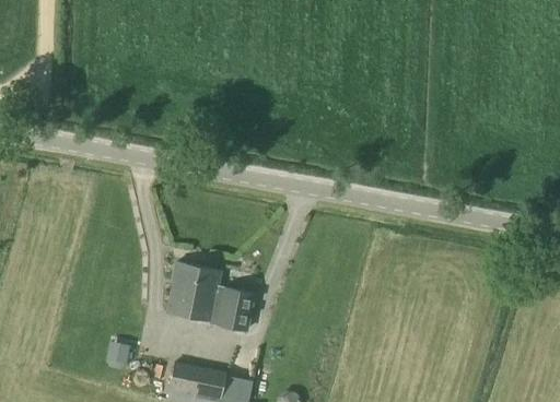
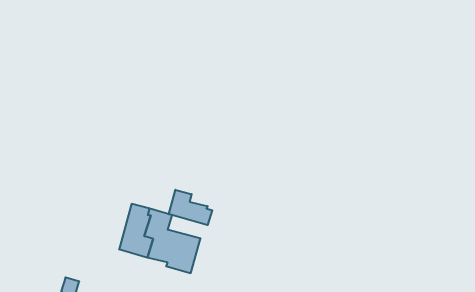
building: none -> [169,190,212,225]

